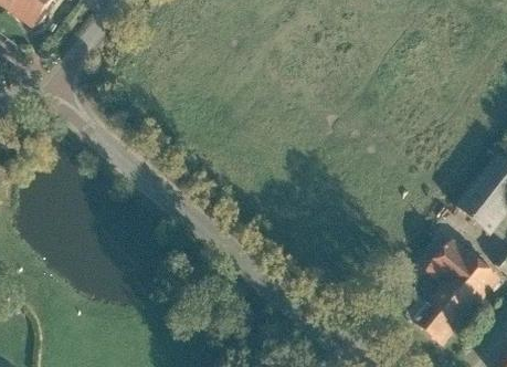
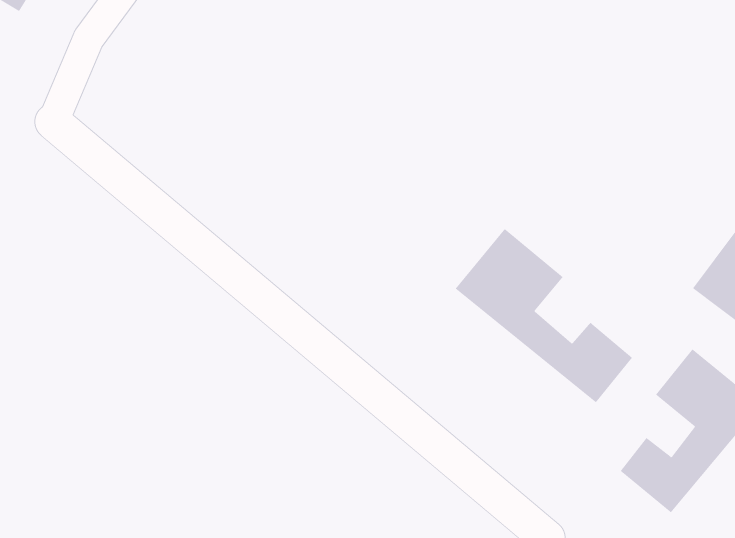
building: none -> [455,228,633,403]

